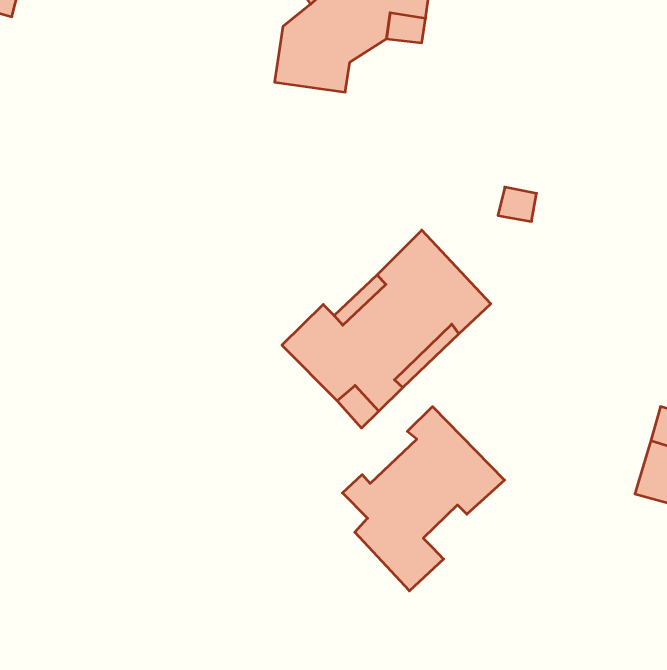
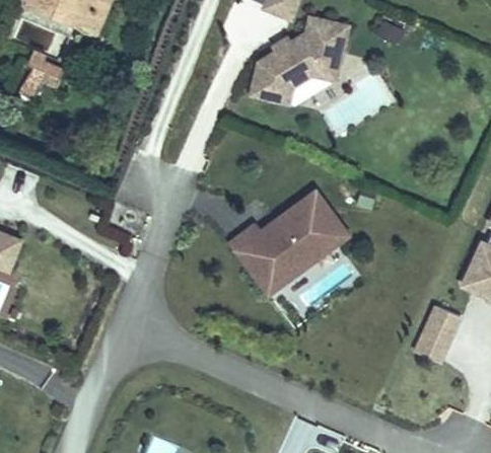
building: [342,407,505,591] -> none

